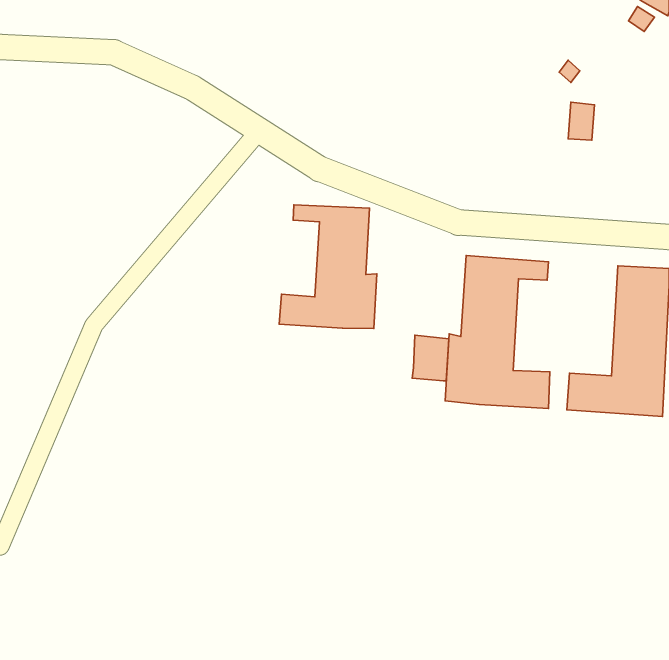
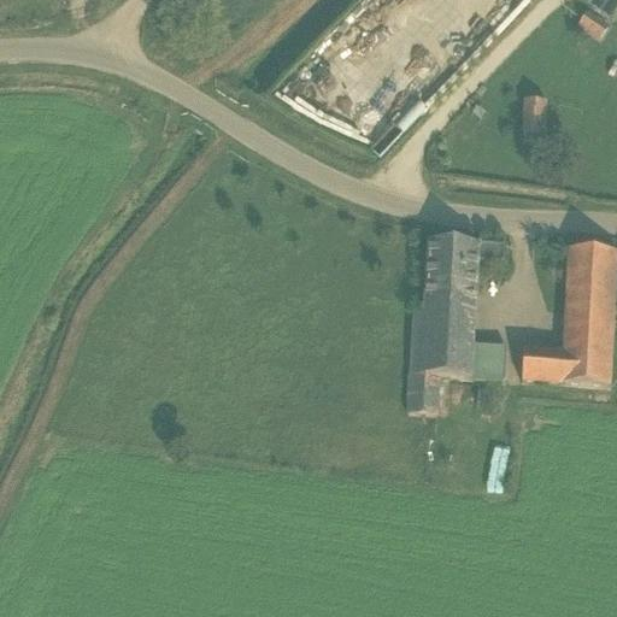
building: [279,205,377,328] -> none
building: [412,335,449,381] -> [407,369,441,411]

